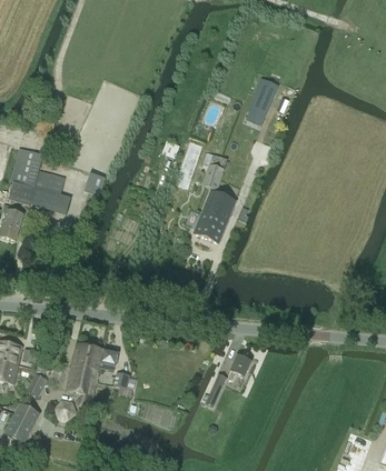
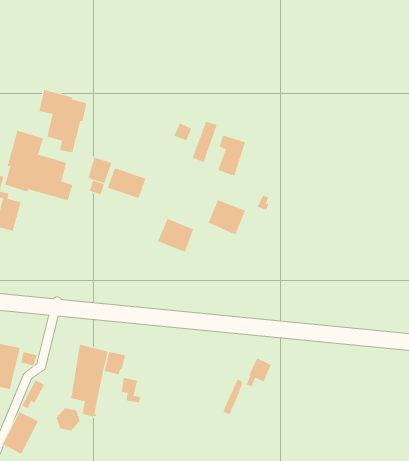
building: [246,79,277,126] -> none
building: none -> [39,89,87,153]
building: none -> [107,168,146,199]
building: [201,190,235,221] -> [157,218,194,253]

